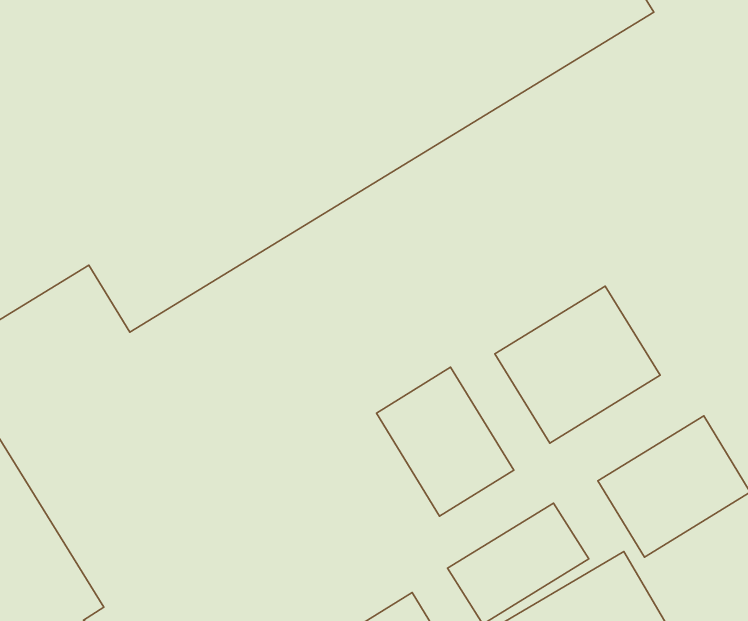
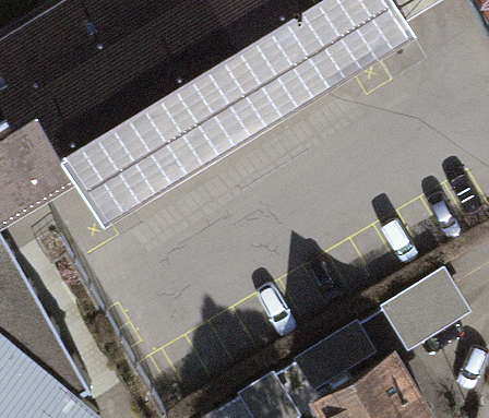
building: [495,286,660,443] -> none
building: [376,367,514,516] -> none

